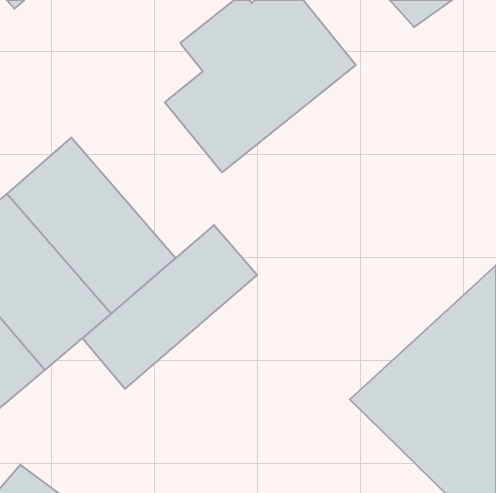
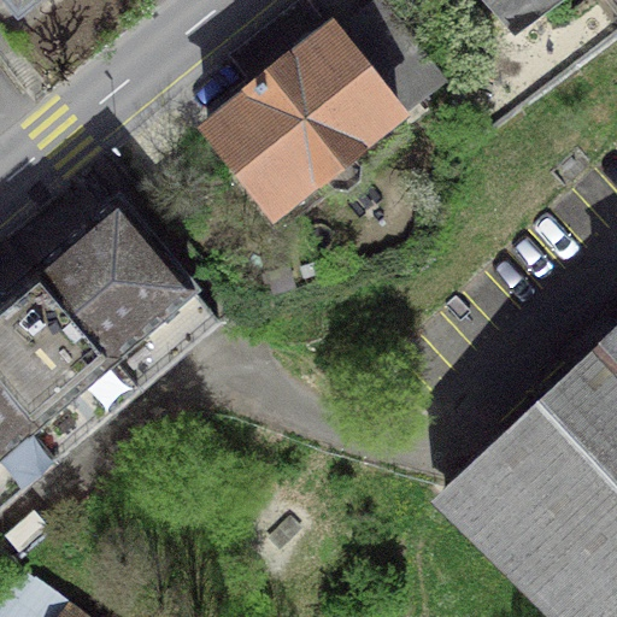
building: [82,225,257,389] -> none

